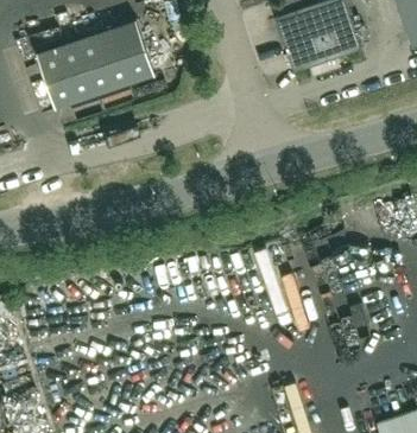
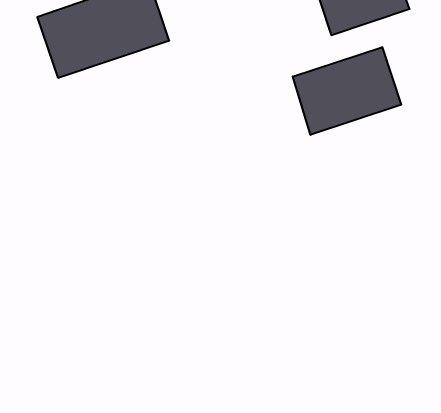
building: none -> [293,47,401,135]

